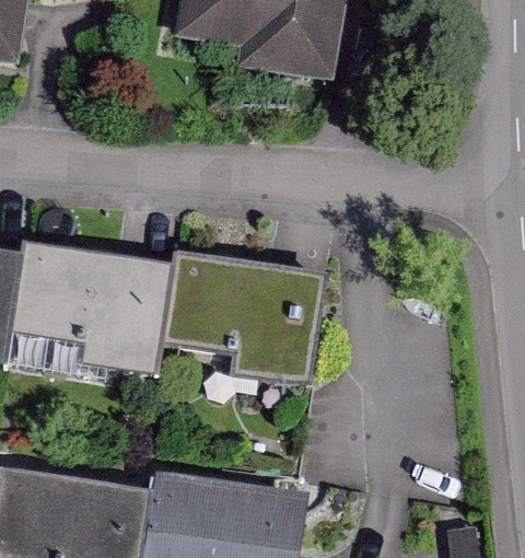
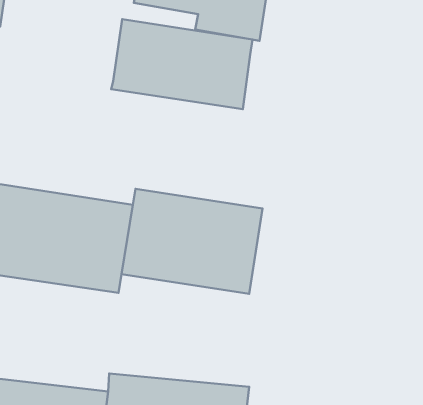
building: none -> [111,19,253,109]

